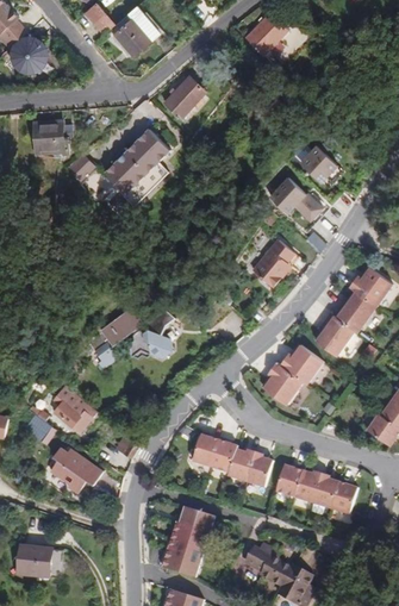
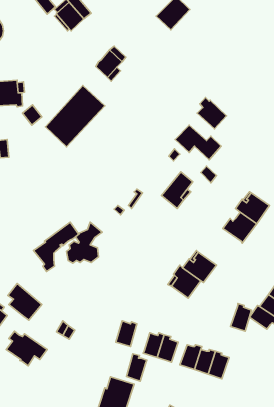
building: [314,312,355,356] -> none
building: [211,437,237,473] -> [127,354,147,381]
building: [330,479,357,514] -> [231,304,252,331]

